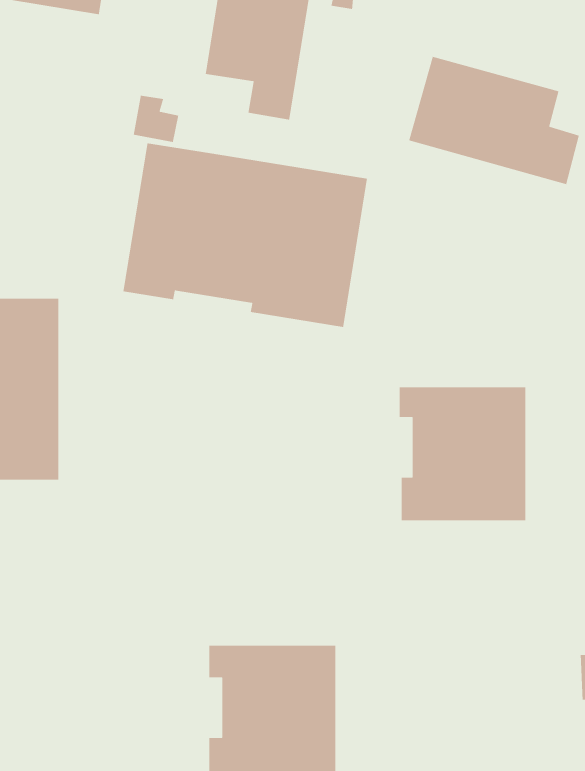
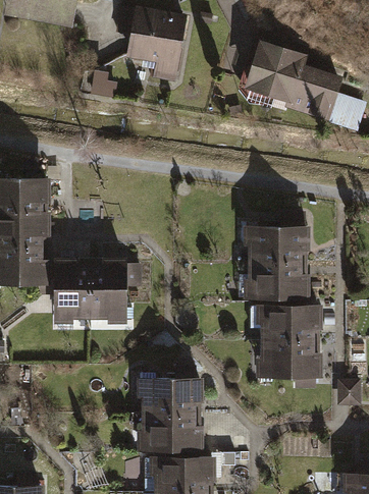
building: [123,142,368,328] -> none
building: none -> [51,252,142,321]
building: none -> [254,306,320,396]

